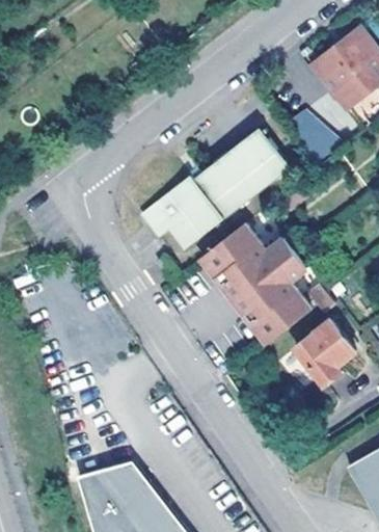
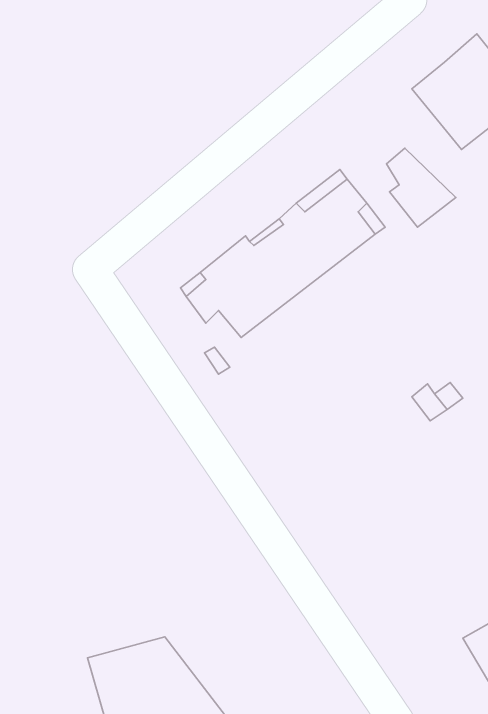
building: [202,223,313,342] -> none
building: [296,321,355,387] -> none

